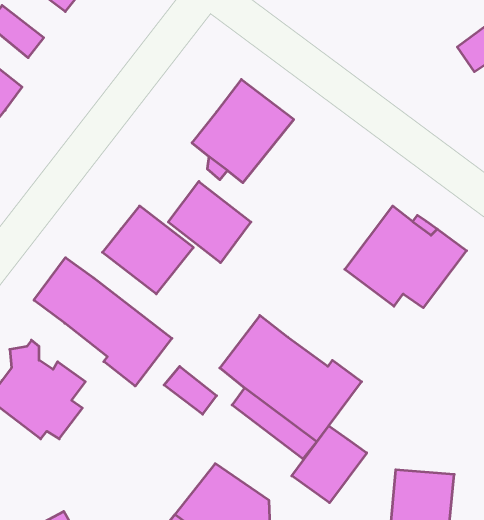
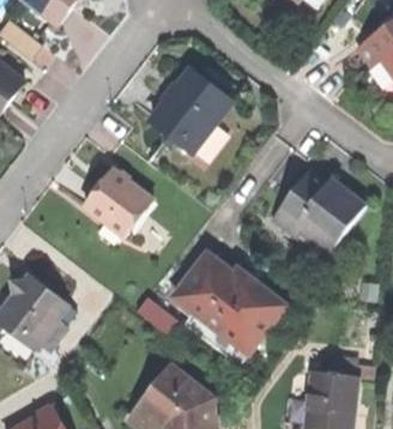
building: [168,181,251,263] -> none
building: [34,258,172,386] -> none
building: [292,426,367,503] -> none

